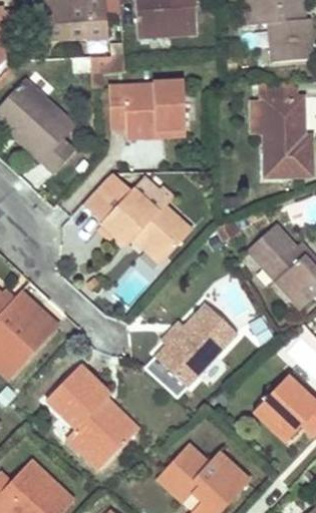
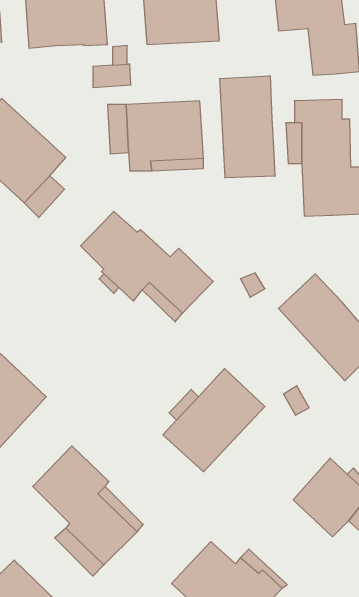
building: none -> [220,76,275,178]

